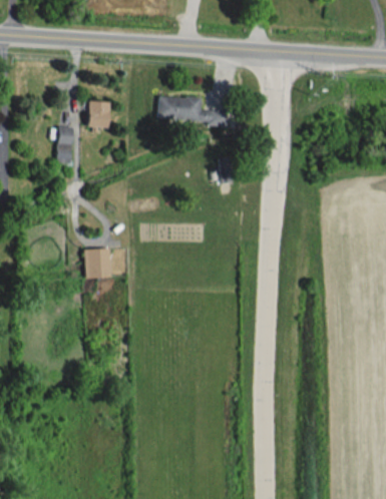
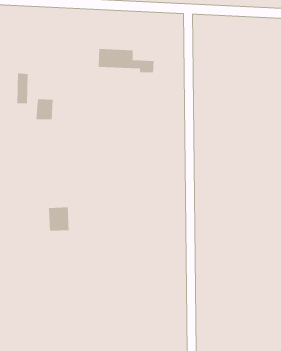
building: [88,100,110,126] -> [36,99,53,120]
building: [85,247,111,278] -> [48,207,69,231]

